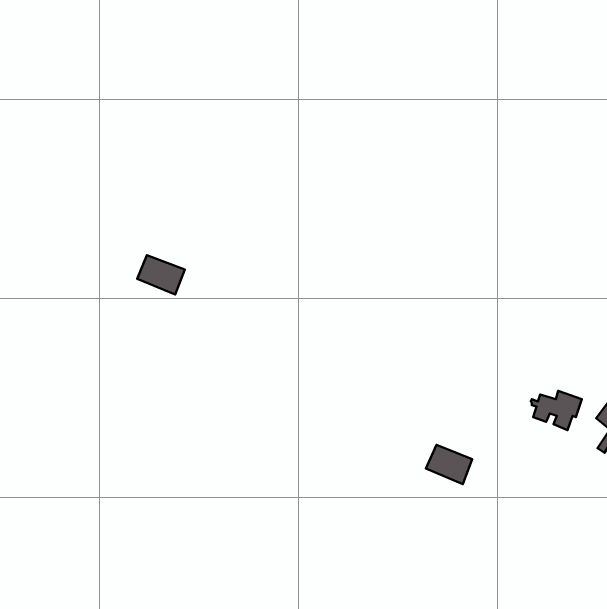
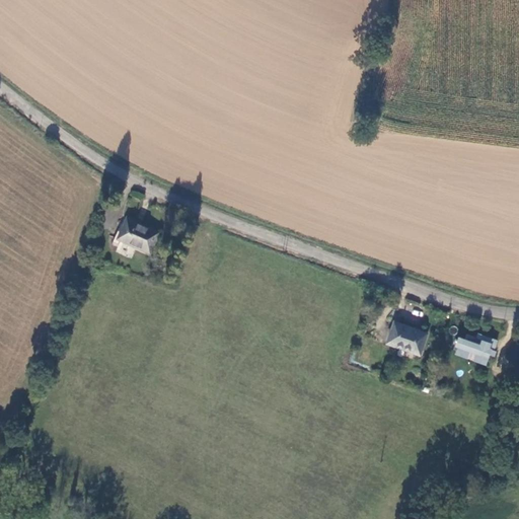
building: [426,445,472,484] -> [387,323,427,357]

